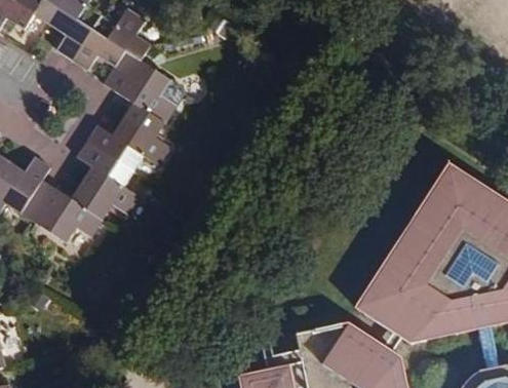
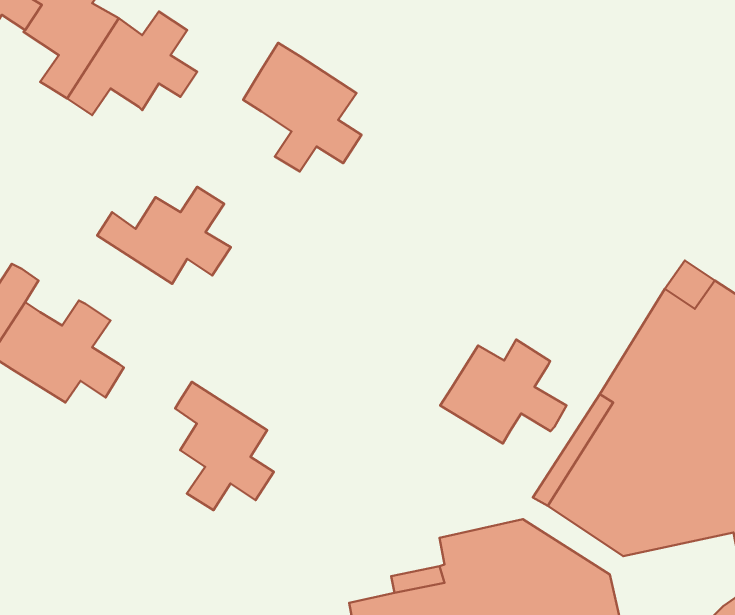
building: [104,52,177,131] -> [243,43,362,172]
building: [77,146,138,225] -> [175,382,274,510]
building: none -> [440,340,566,444]

